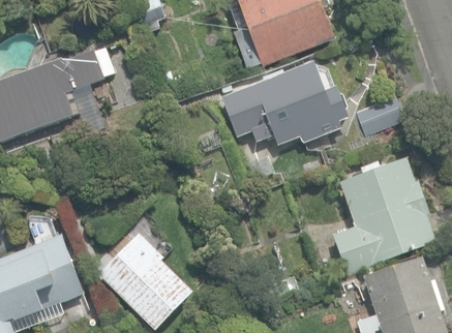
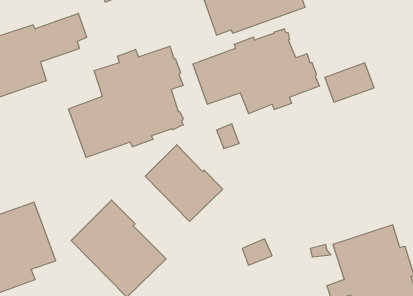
building: none -> [69,46,183,158]
building: [332,159,435,274] -> none
building: none -> [145,145,223,221]

